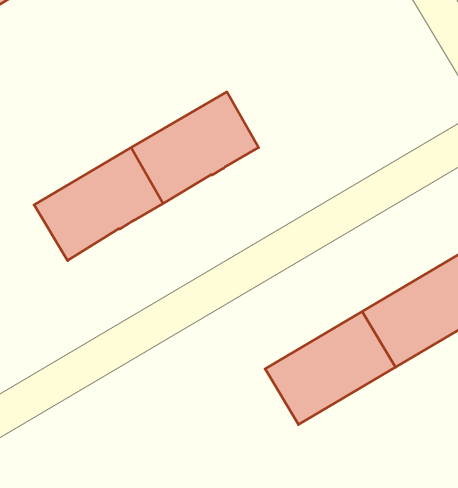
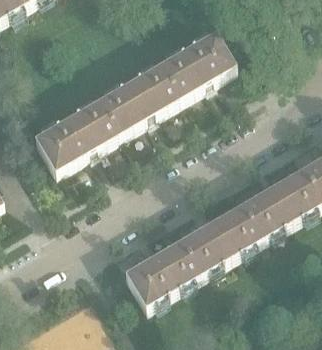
building: none -> [155,30,236,100]
building: none -> [124,239,200,306]

